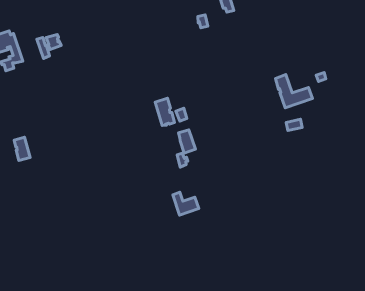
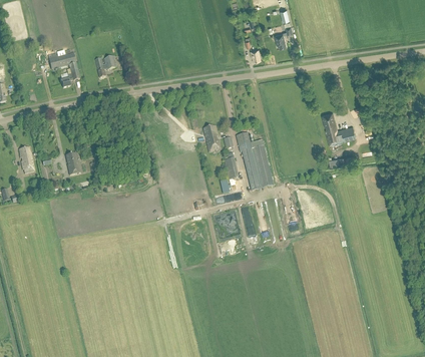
building: none -> [236,131,273,190]

